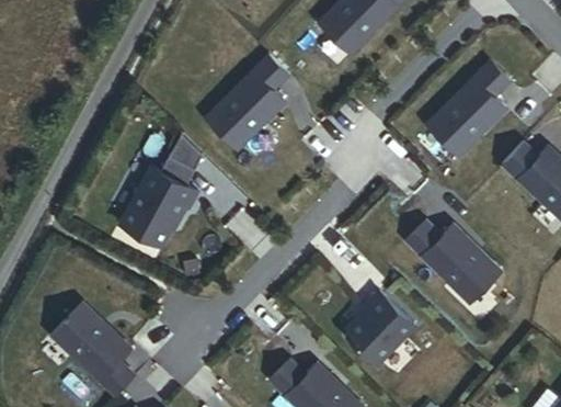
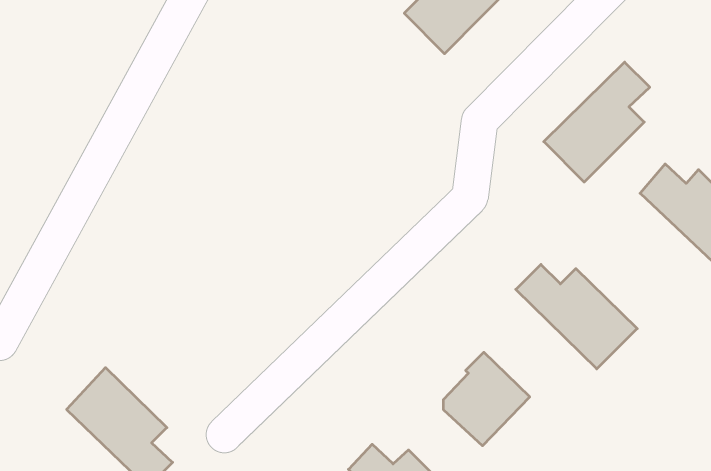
building: [207,56,289,150] -> none
building: [121,133,204,247] -> none

